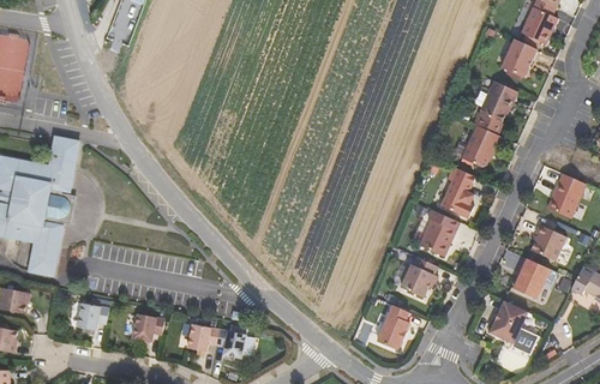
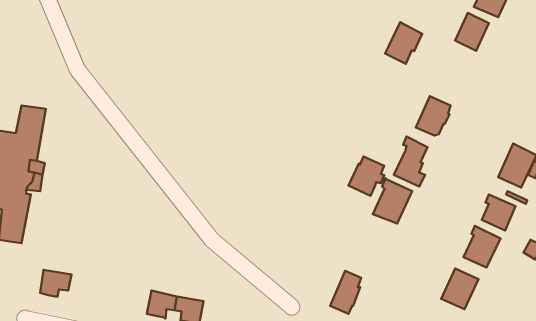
building: [479,78,517,121] -> [385,22,422,64]
building: [398,257,436,298] -> [348,157,384,196]
building: [128,316,161,342] -> none

